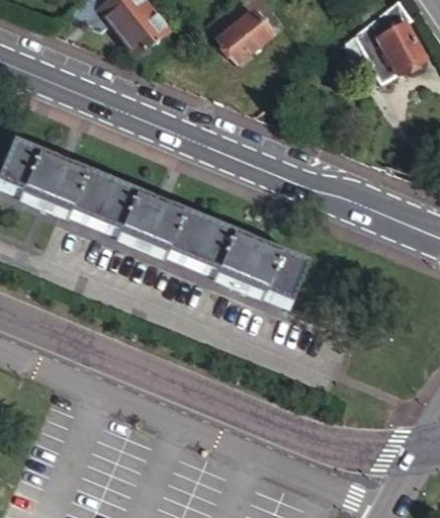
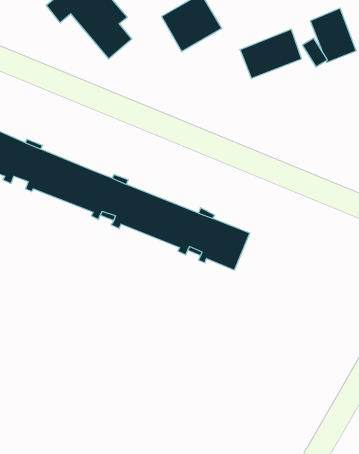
building: none -> [240,29,302,79]

